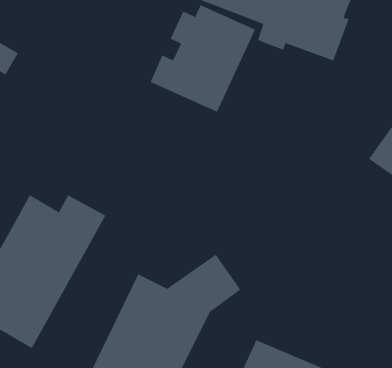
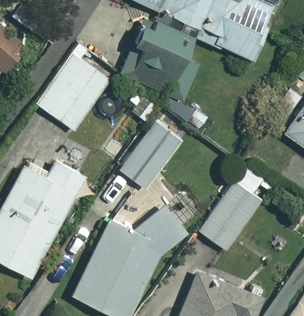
building: none -> [37,53,110,130]
building: none -> [120,119,178,190]
building: none -> [199,164,274,250]

